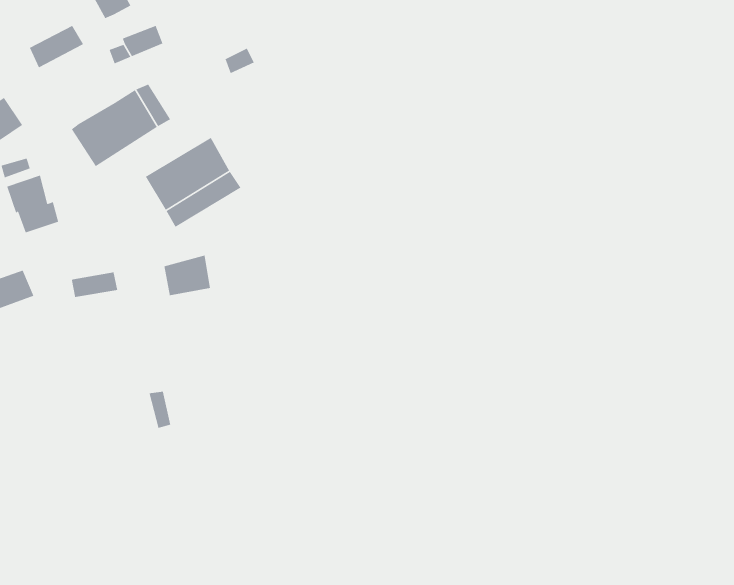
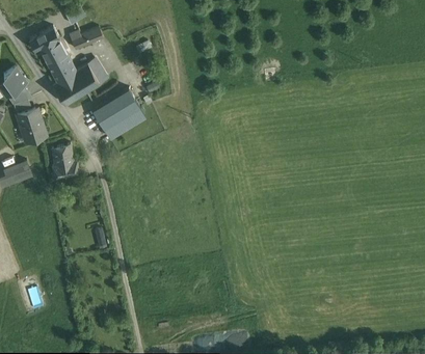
building: none -> [38,38,76,81]
building: [163,254,211,296] -> [50,143,76,166]

